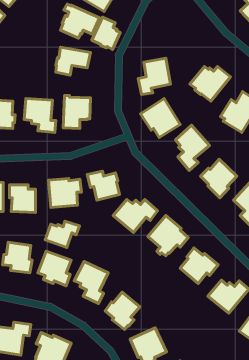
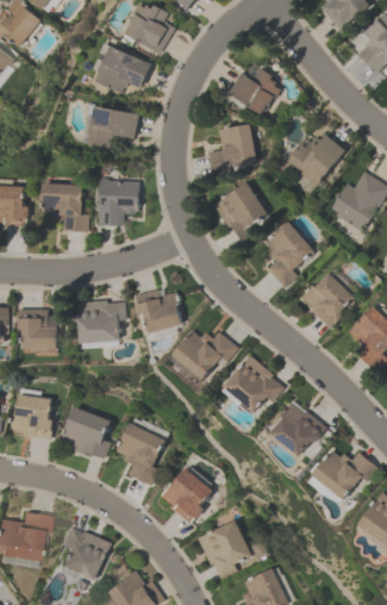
building: none -> [227,62,281,113]
building: [92,17,120,49] -> none
building: [45,221,80,248] -> none

